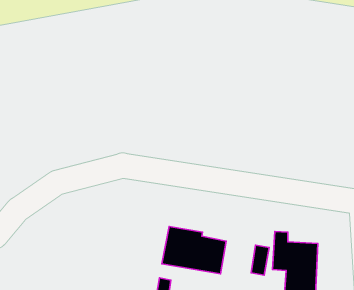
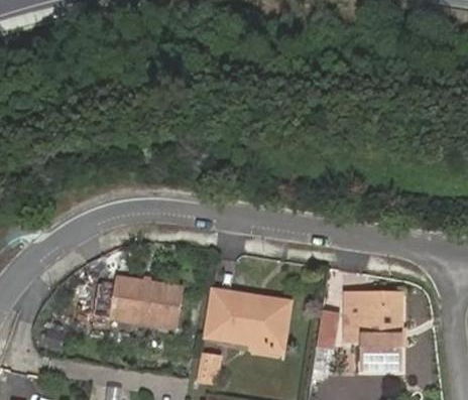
building: none -> [96,275,184,324]

